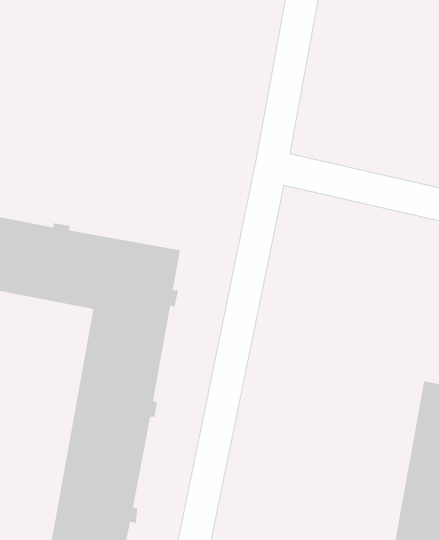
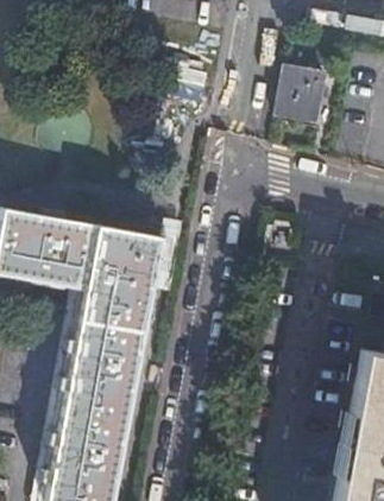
building: none -> [275,65,323,121]

